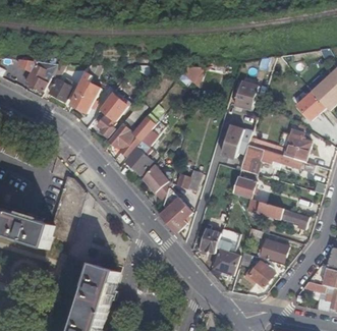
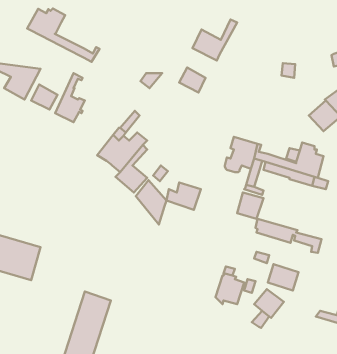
building: none -> [27,8,100,62]
building: none -> [193,20,237,61]
building: [234,79,258,109] -> none
building: [96,92,126,136] -> none
building: [159,186,190,231] -> none
building: [198,227,220,253] -> none

